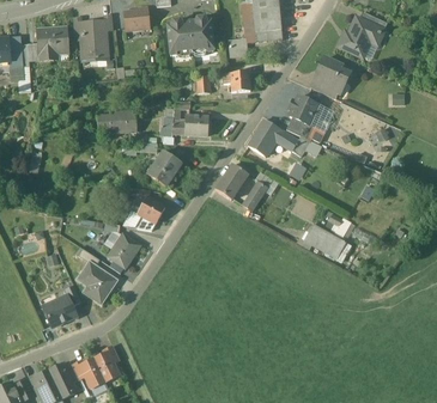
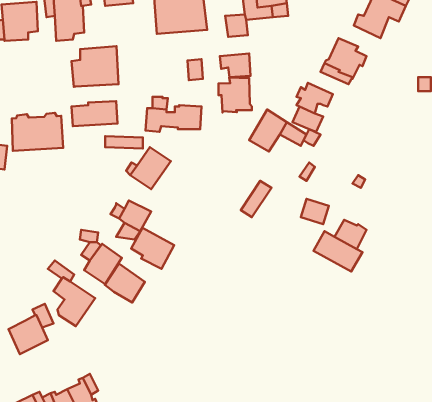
building: none -> [72,46,119,87]
building: none -> [219,78,252,113]
building: none -> [12,113,63,151]
building: [217,163,249,197] -> none
building: none -> [131,228,174,269]
building: none -> [105,264,145,303]

